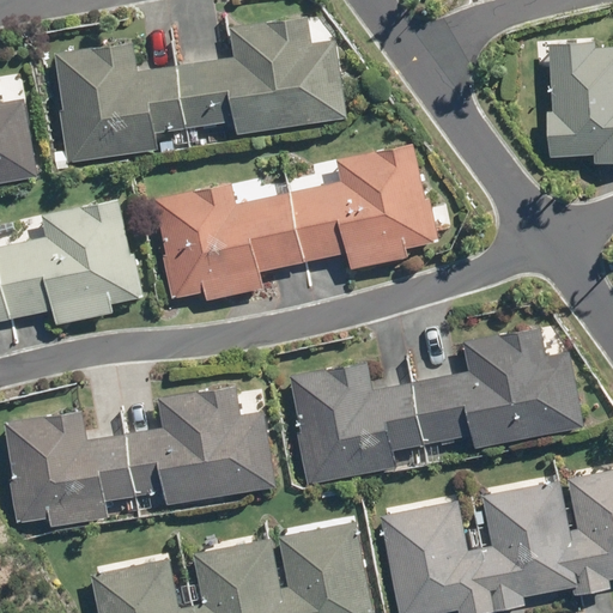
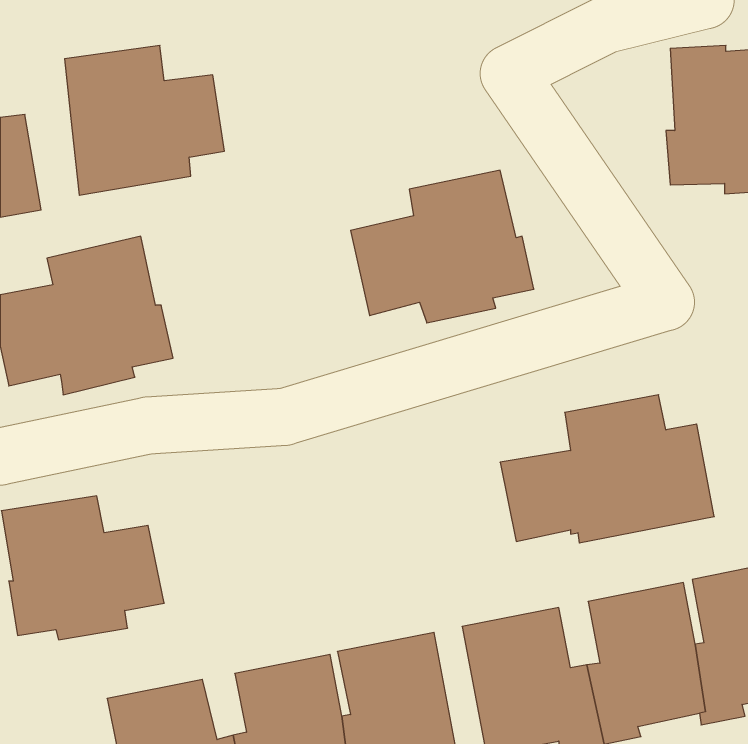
building: [175,17,346,135] -> none
building: [152,183,303,301] -> none
building: [289,362,423,486] -> none
building: [122,386,274,504] -> none

